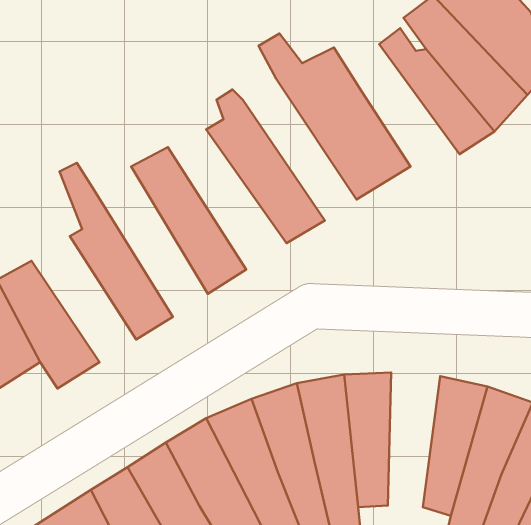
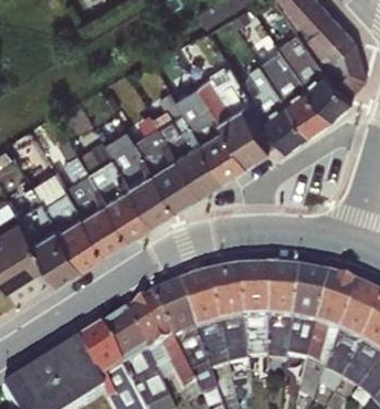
building: none -> [245,65,310,151]
building: none -> [173,87,245,177]
building: none -> [126,117,201,208]
building: none -> [78,143,151,238]
building: none -> [31,172,106,266]
building: none -> [265,273,298,364]

